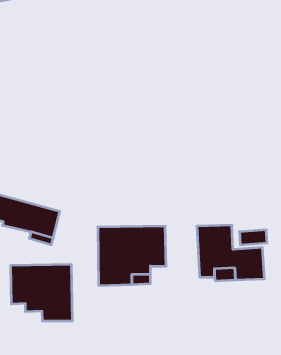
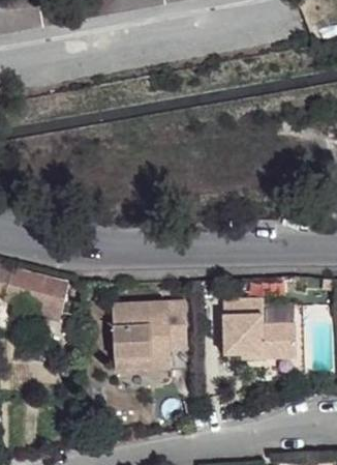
building: [11,264,72,321] -> none

